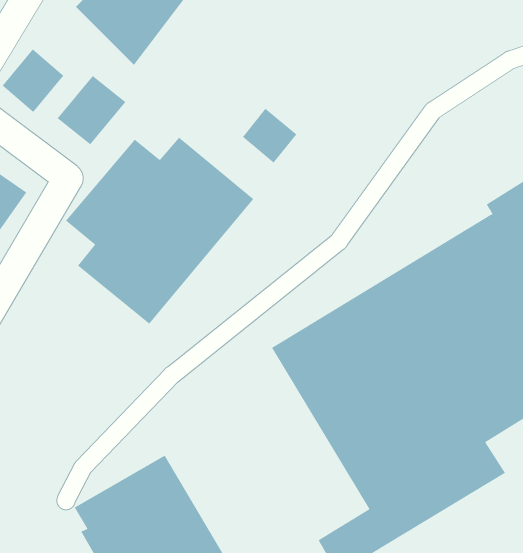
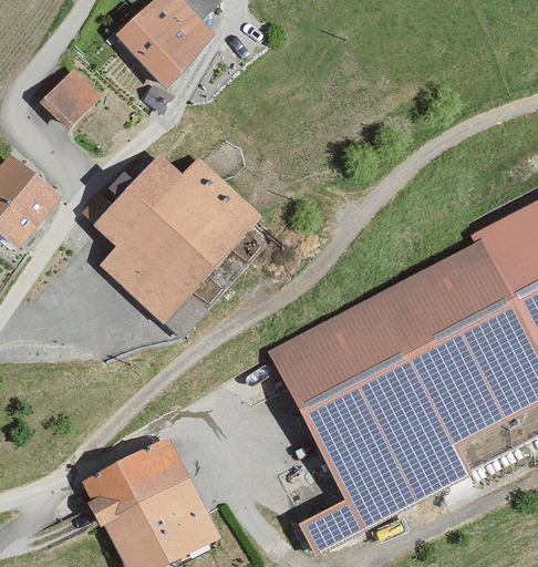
building: [57,75,126,145] -> none
building: [242,108,297,163] -> none

